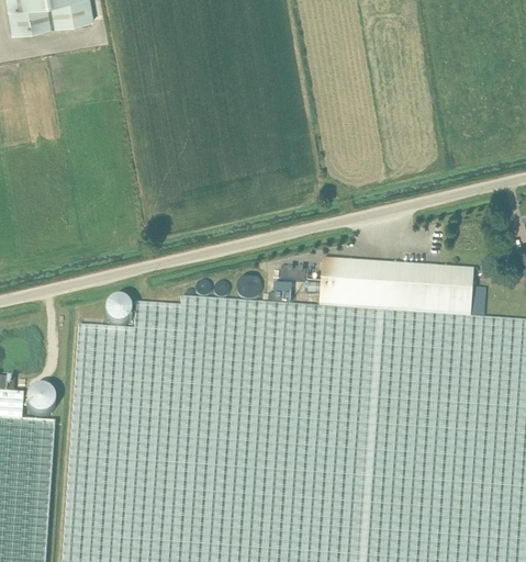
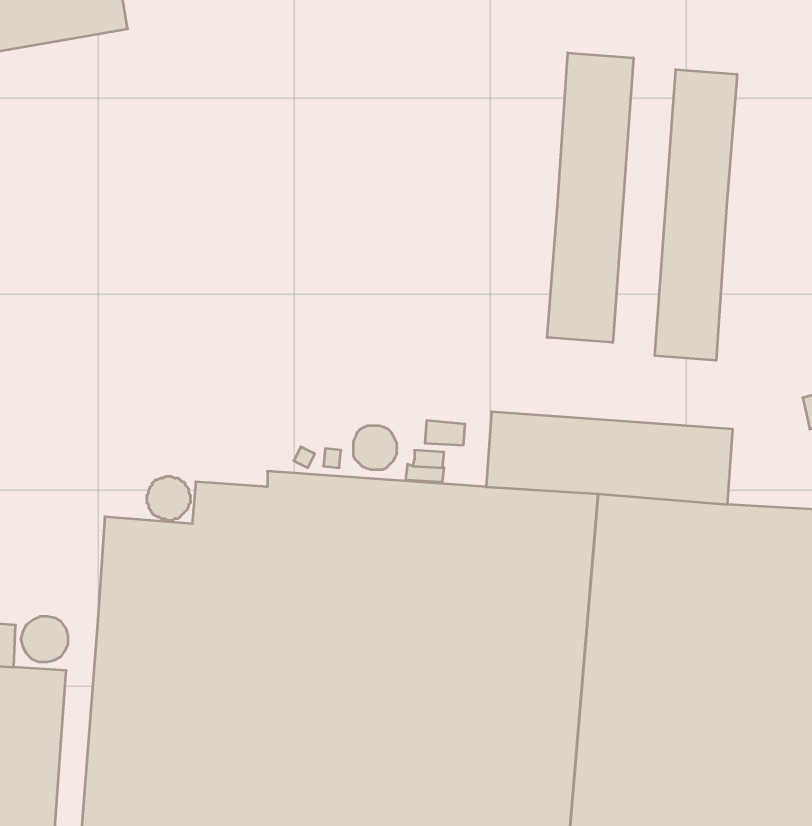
building: none -> [547,53,633,343]
building: none -> [655,69,737,360]

